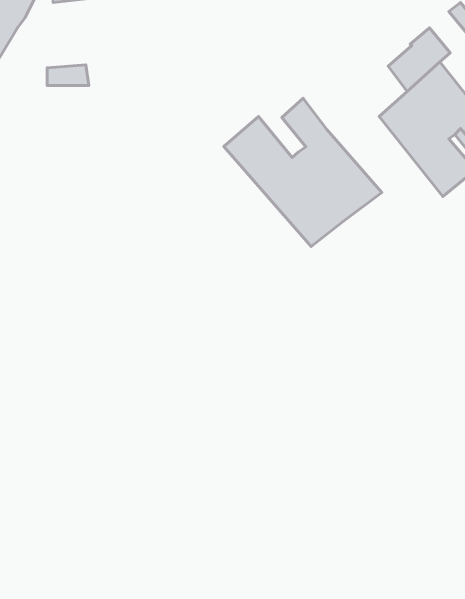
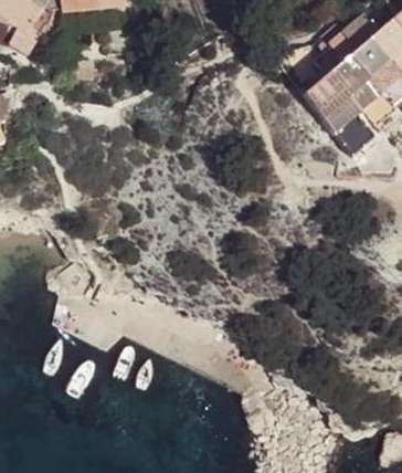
building: [224,98,382,246] -> none

